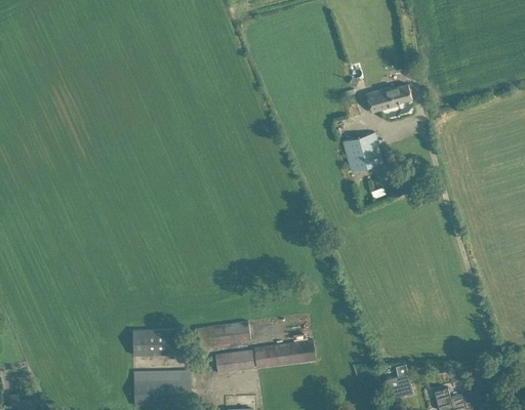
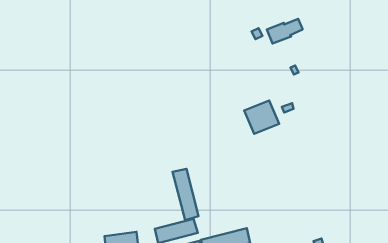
building: [341,132,383,172] -> [244,100,279,134]
building: none -> [173,169,198,220]

